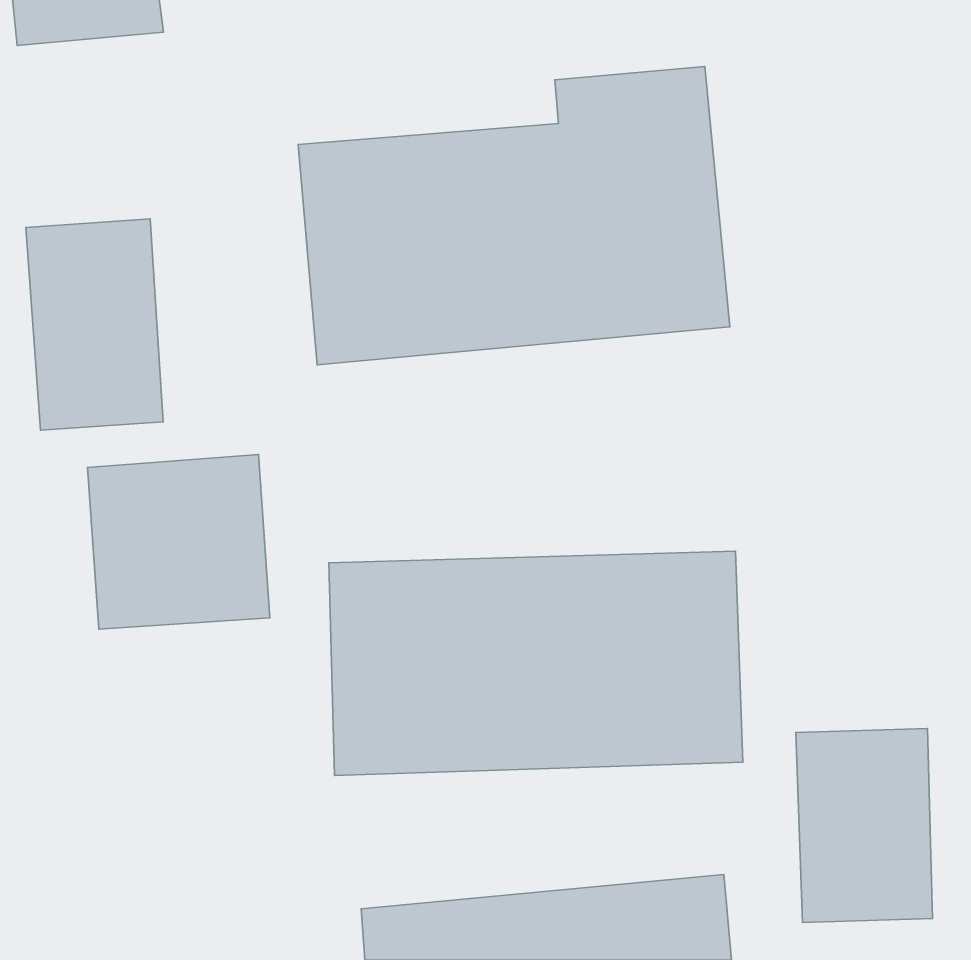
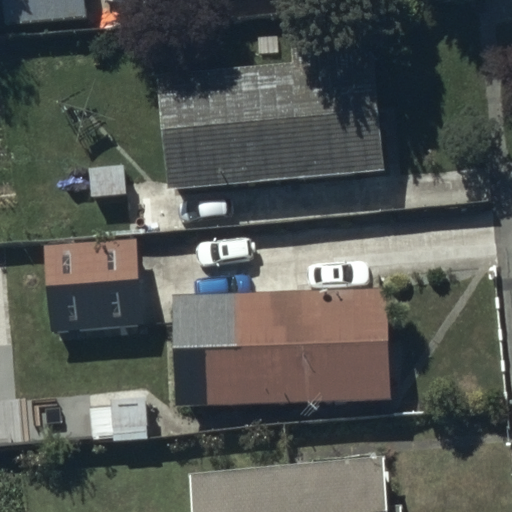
building: [26,219,163,430] -> none
building: [796,728,932,923] -> none

